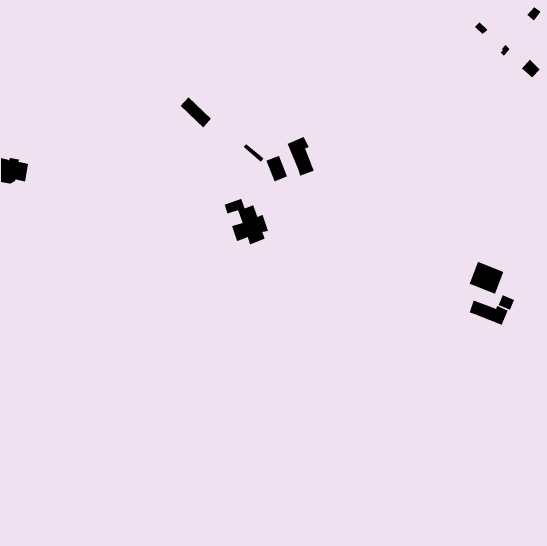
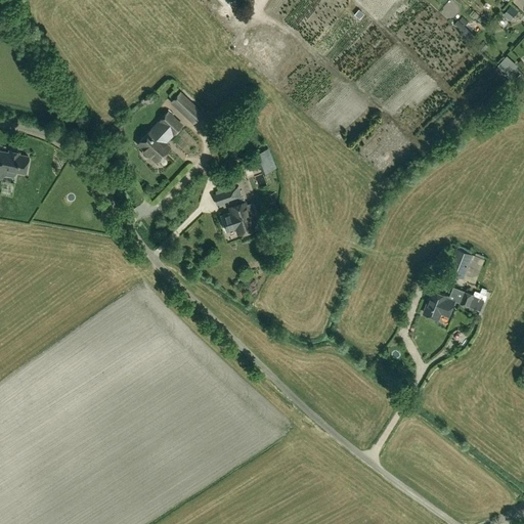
building: none -> [138,113,182,163]
building: [287,136,315,176] -> none
building: none -> [424,291,454,320]

